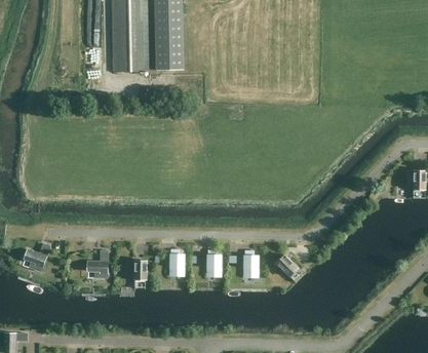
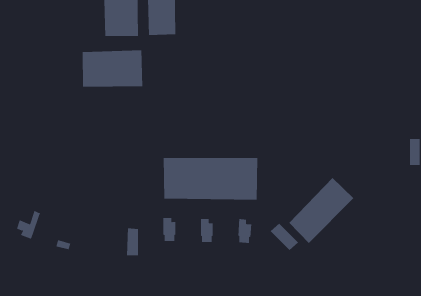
building: none -> [82,49,143,88]
building: none -> [163,157,258,201]
building: none -> [288,177,354,244]
building: [86,249,109,278] -> none

